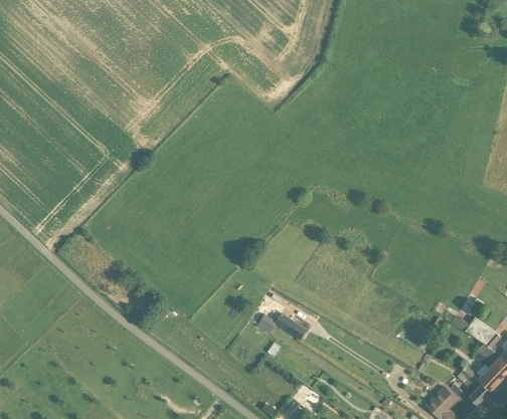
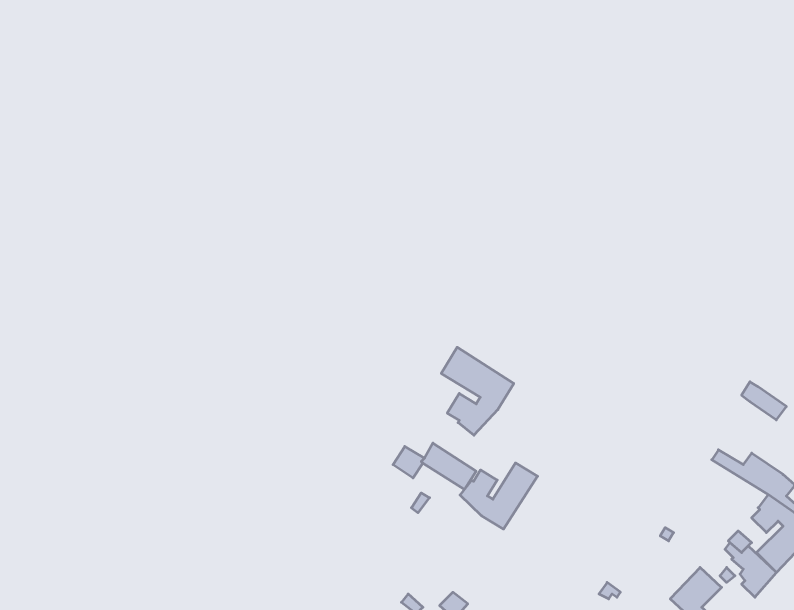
building: none -> [441,347,514,435]
building: none -> [460,463,538,529]

